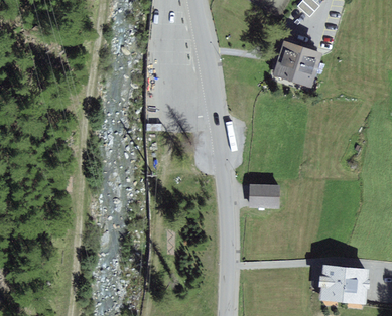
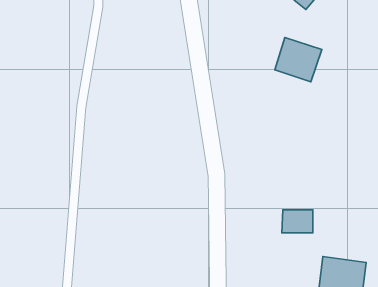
building: [247,185,278,208] -> [282,210,313,233]

